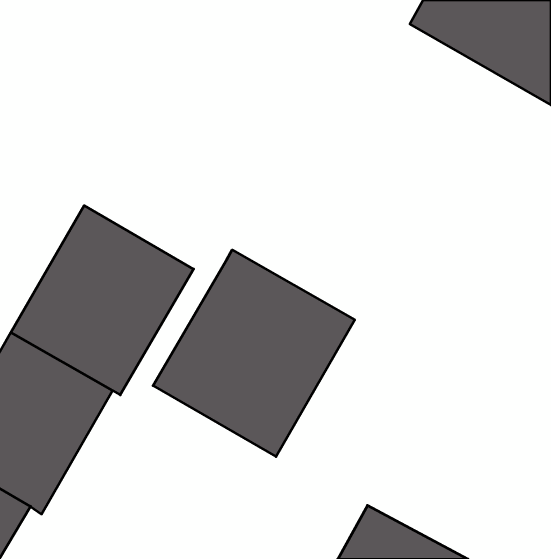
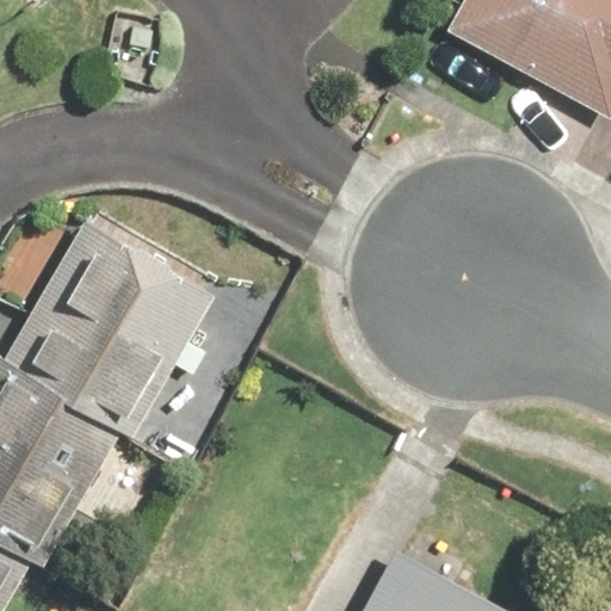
building: [153,250,355,457] -> none

